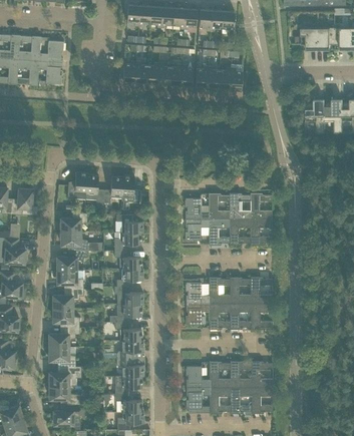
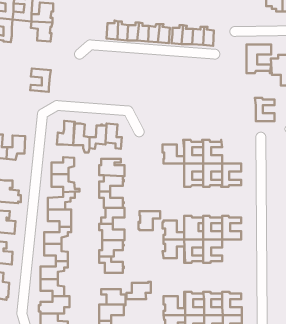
building: [16,59,39,85] -> [30,68,51,92]
building: none -> [247,45,271,73]
building: [250,192,272,219] -> [255,98,275,121]
building: [185,219,209,240] -> [138,211,160,230]
building: [251,303,272,329] -> none
building: [116,339,143,358] -> [126,282,151,299]

